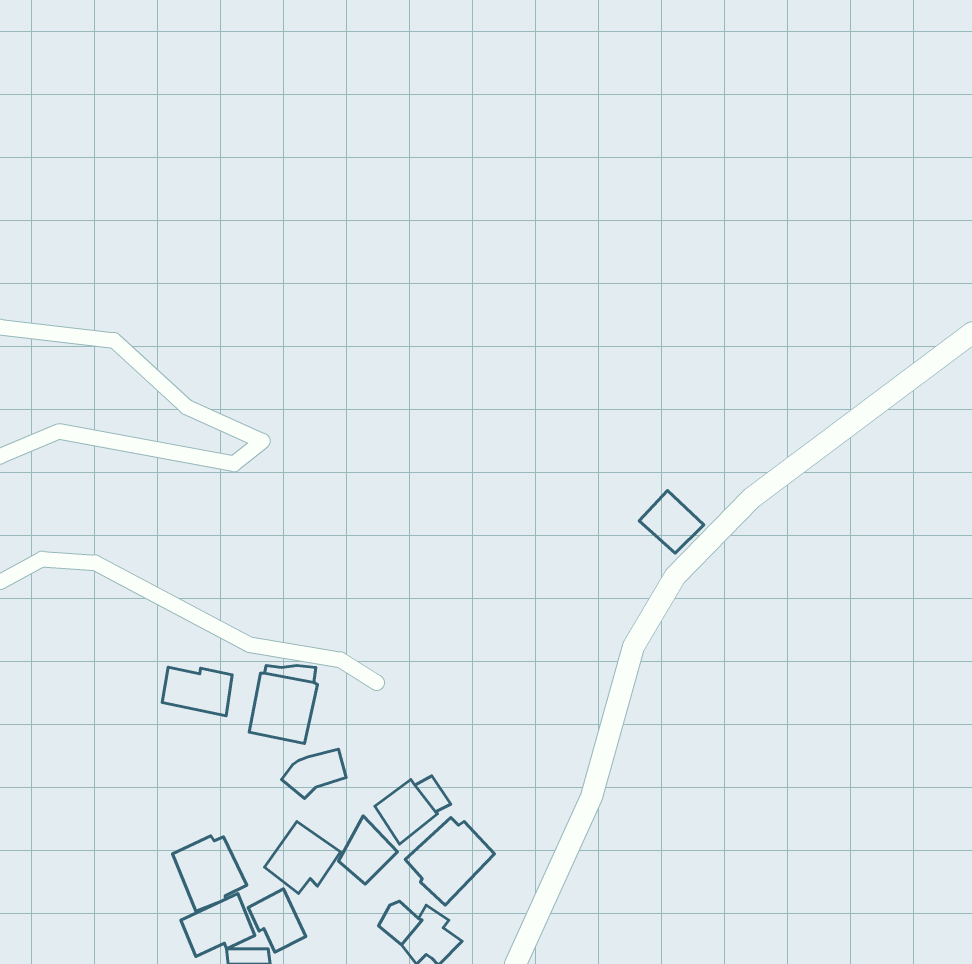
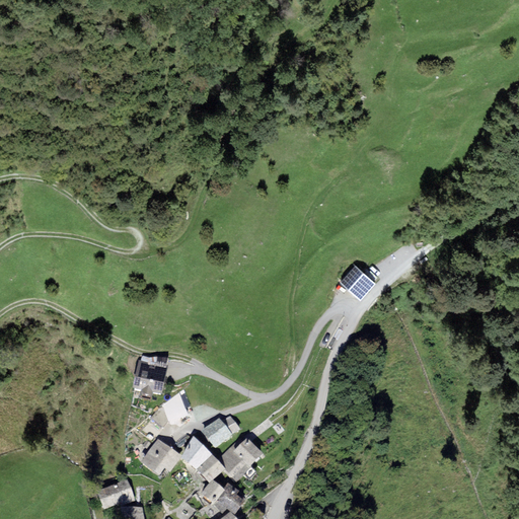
building: [162,667,232,716] -> none
building: [173,836,247,911] -> none
building: none -> [195,454,225,483]
building: [248,889,306,952] -> none

